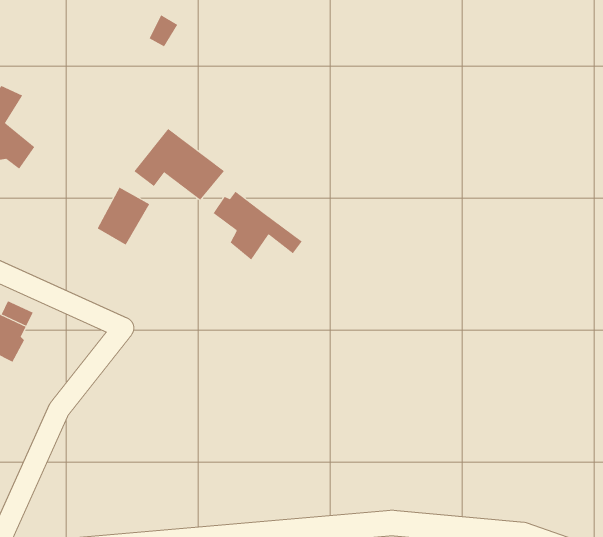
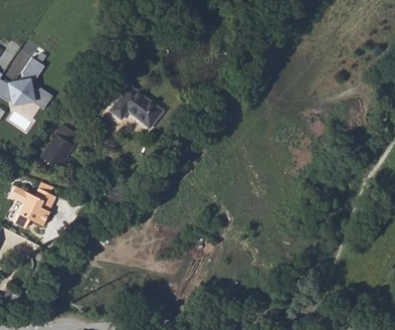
building: [97,187,150,246] -> [41,135,72,169]
building: [213,191,302,261] -> none

